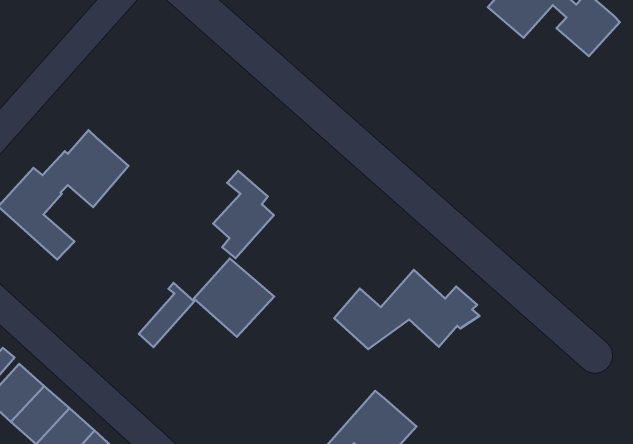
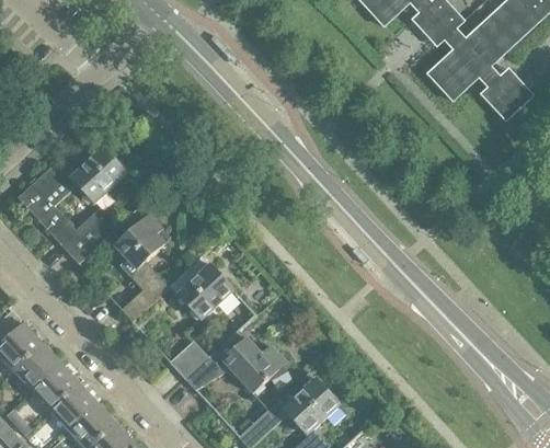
building: [213,171,274,258] -> [115,205,164,275]
building: none -> [61,208,117,262]
building: [334,270,479,349] -> [170,329,287,392]

